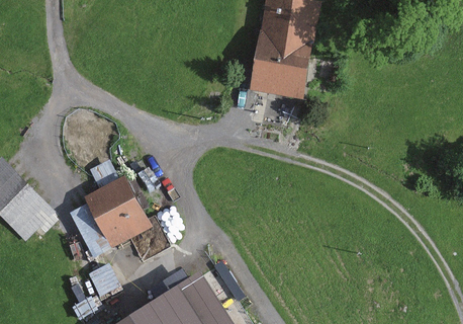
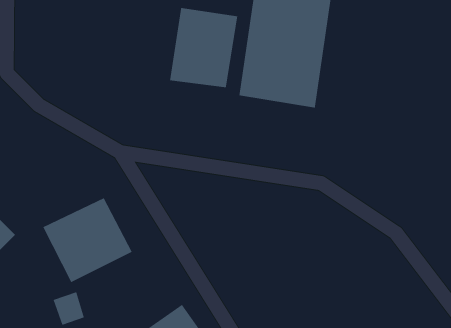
building: none -> [169,7,238,88]

